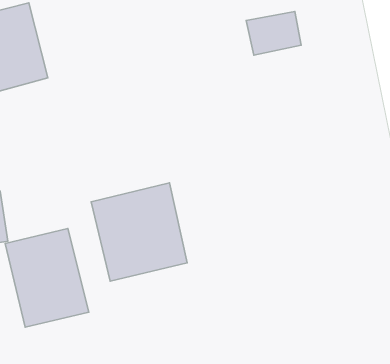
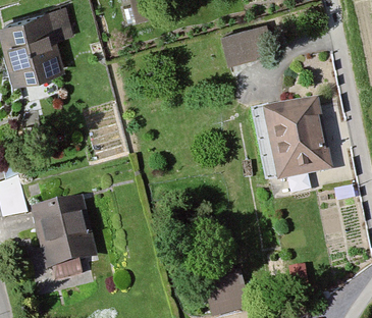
building: none -> [258,97,330,182]
building: [91,183,187,281] -> none

